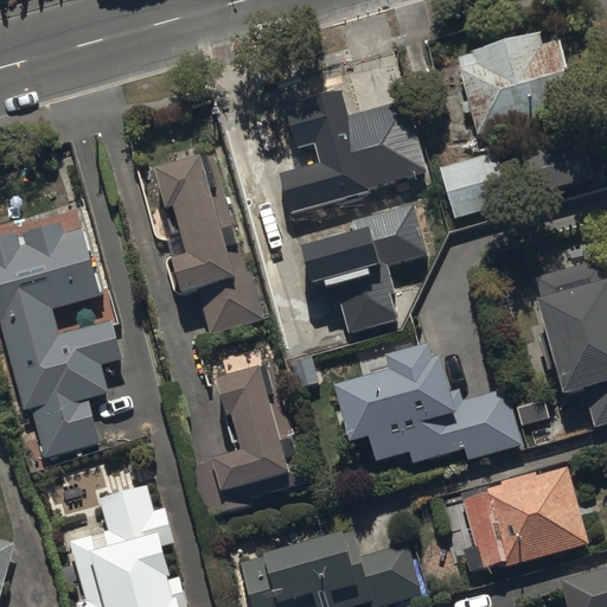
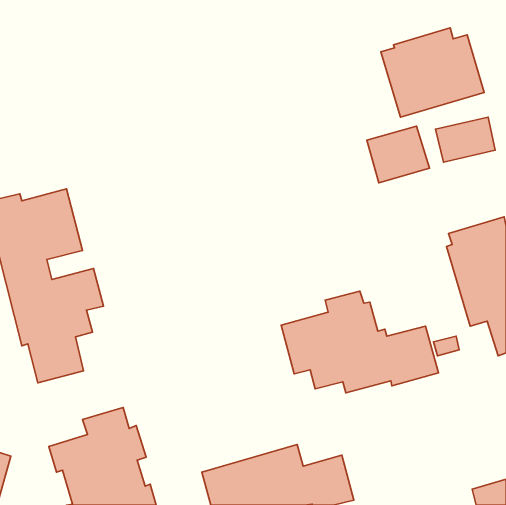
building: [279,85,423,207] -> none
building: [153,153,253,334] -> none
building: [299,200,423,330] -> none
building: [189,365,306,520] -> none
building: [464,471,589,571] -> none

